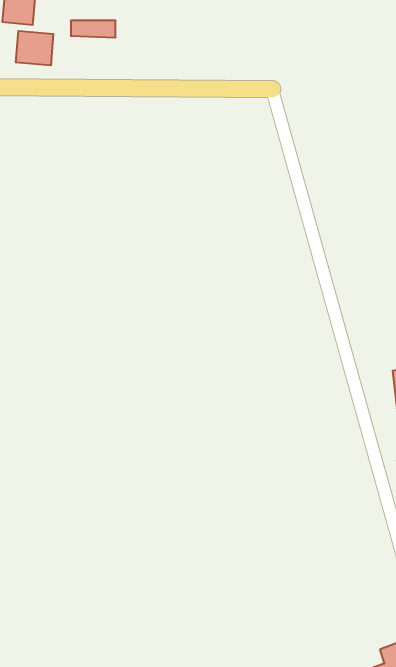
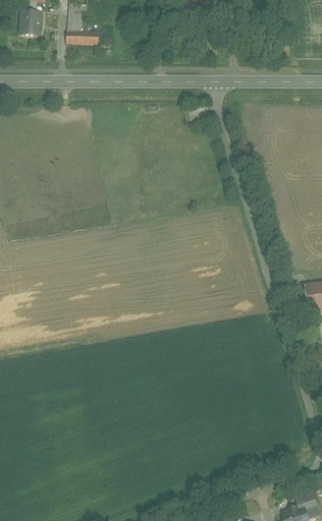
building: [16,31,53,65] -> none

